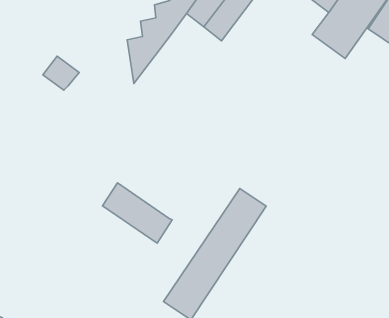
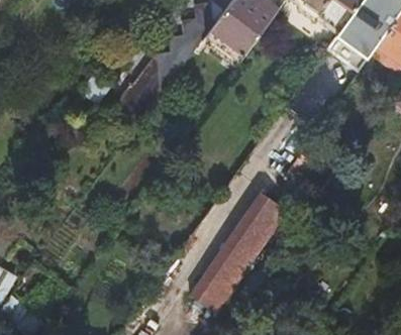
building: none -> [114,54,163,126]
building: [103,183,172,243] -> none

